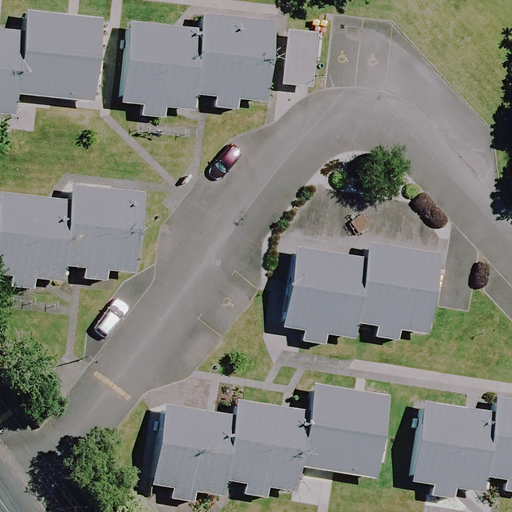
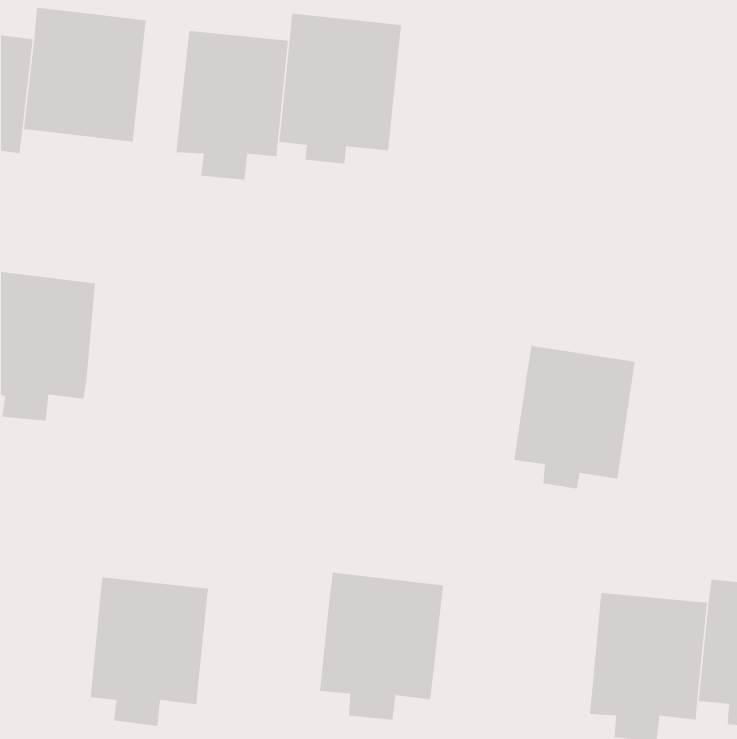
building: [63,180,148,283] -> none
building: [285,248,366,342] -> none
building: [302,383,387,475] -> none
building: [148,404,230,507] -> [90,577,209,726]

